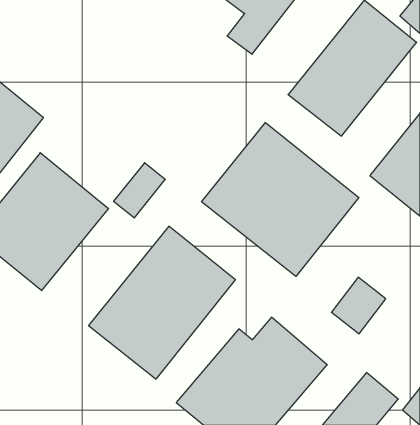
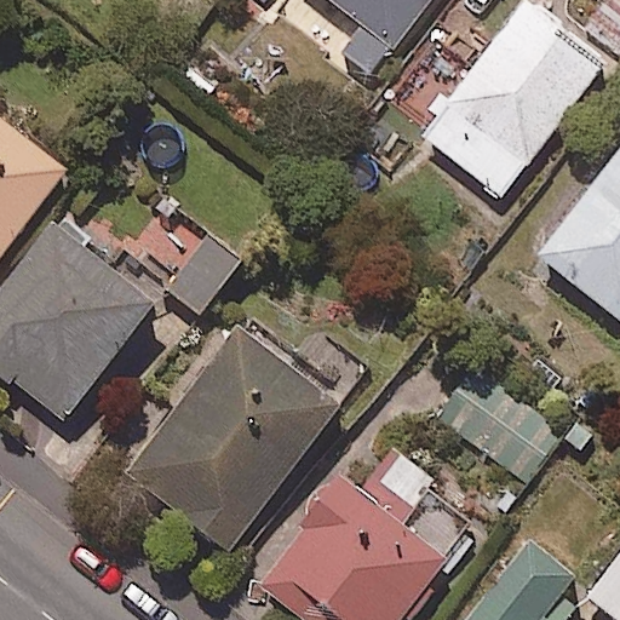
building: [202,123,359,276] -> none

